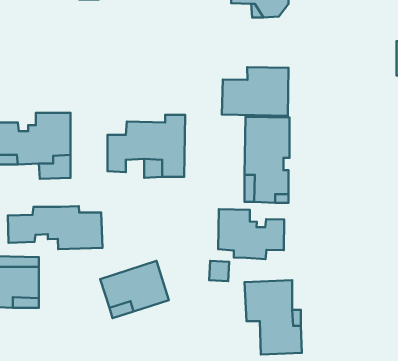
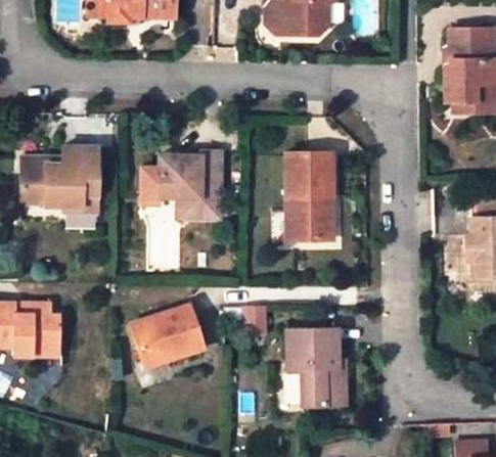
building: [222,67,288,116] -> none
building: [8,206,102,249] -> none
building: [218,209,284,259] -> none

